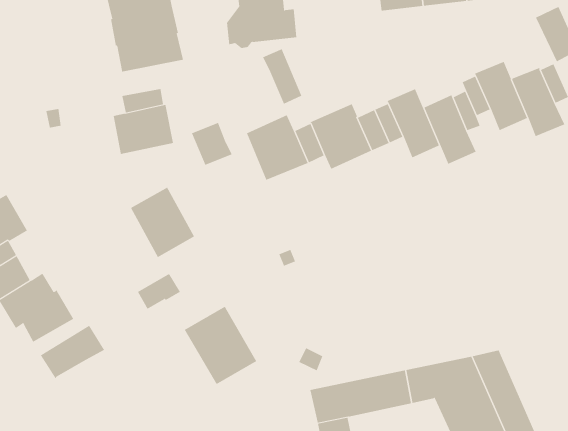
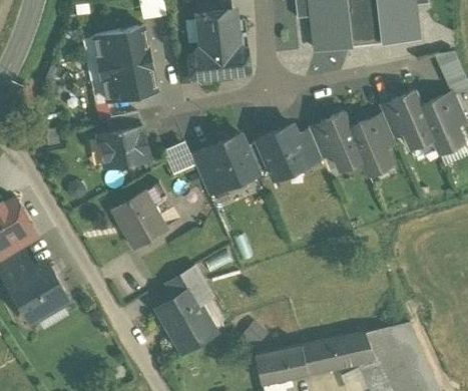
building: [262,48,302,104] -> [190,149,222,194]
building: [137,273,181,309] -> [167,268,202,297]
building: [40,325,105,379] -> none

